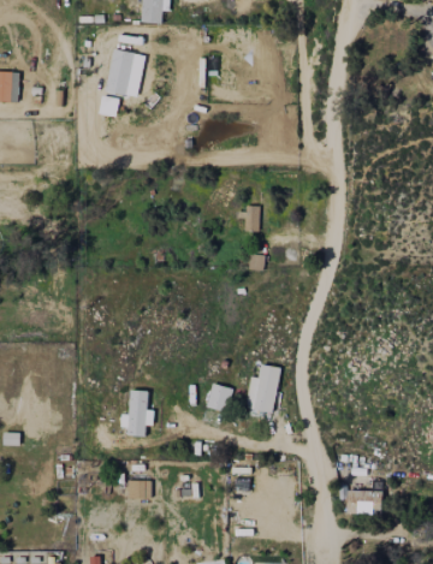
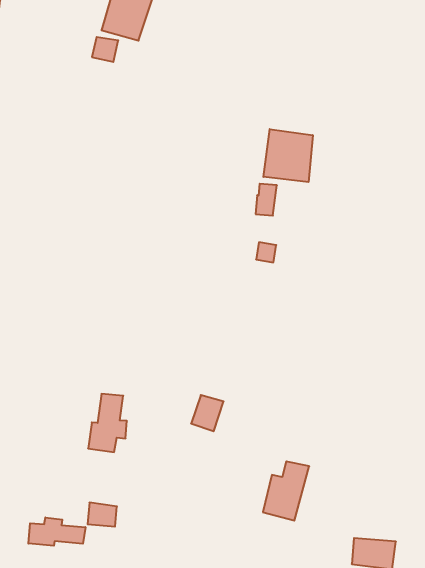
building: none -> [263,129,313,182]
building: [245,364,280,412] -> [263,461,309,521]
building: none -> [28,517,85,546]

